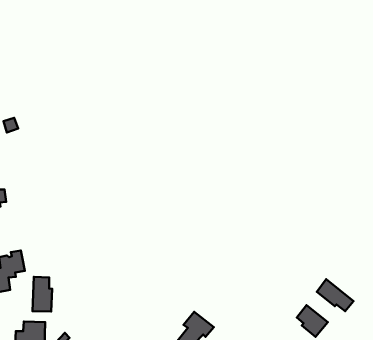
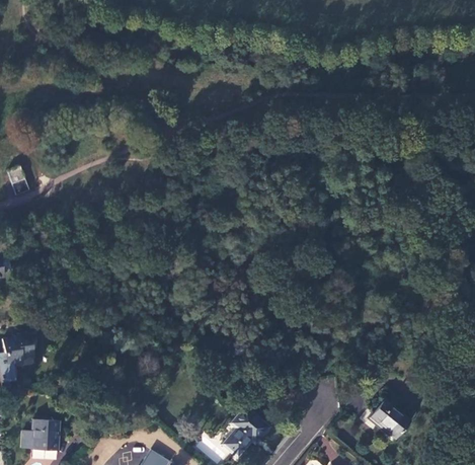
building: [33,277,52,311] -> none
building: [317,279,353,311] -> none

